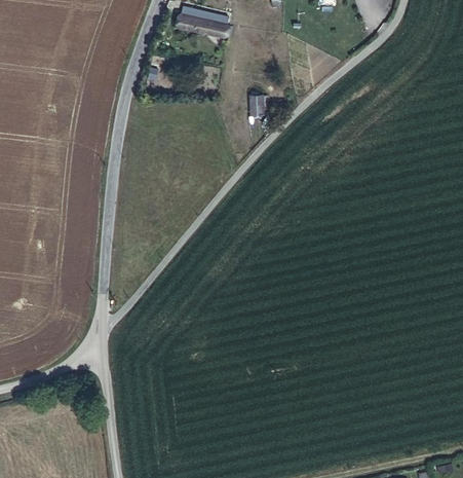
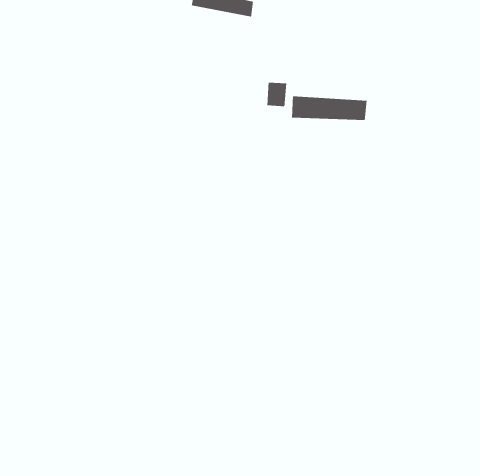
building: none -> [291,96,368,121]

